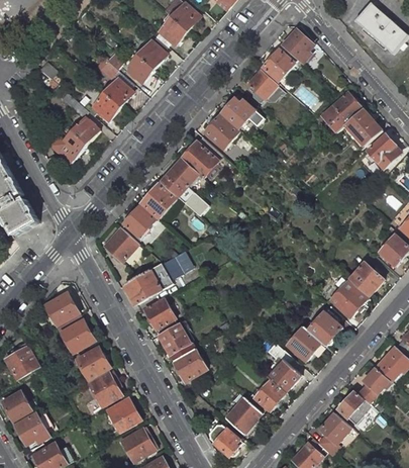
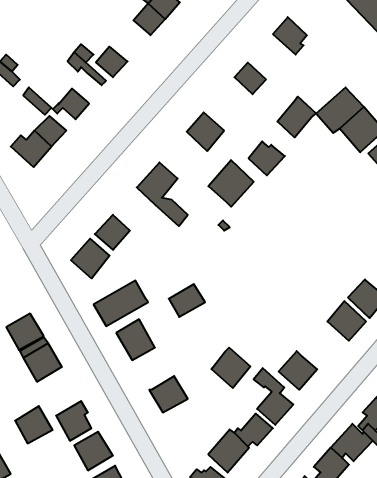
building: [137,36,167,69] -> none
building: [264,44,298,81] -> [277,97,316,137]
building: [104,79,132,106] -> none
building: [223,97,255,127] -> [249,141,285,175]
building: [182,135,222,177] -> [208,160,254,207]
building: [142,183,177,217] -> none
building: [161,251,193,280] -> [169,284,205,317]
building: [308,312,341,346] -> none
building: [158,323,195,361] -> none
building: none -> [211,348,250,388]
building: [77,347,110,380] -> [15,406,53,443]

